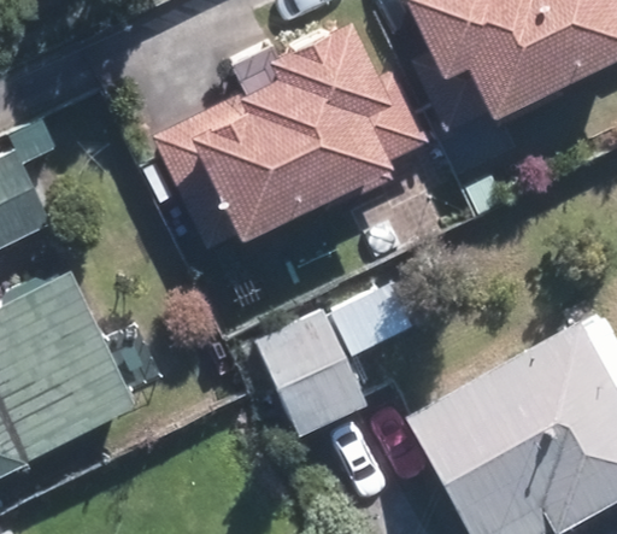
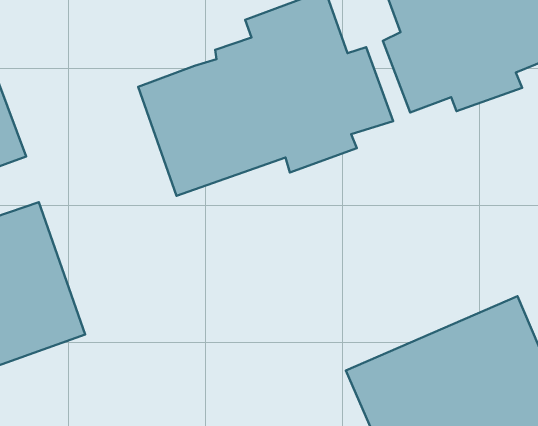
building: [258,311,369,438] -> none

